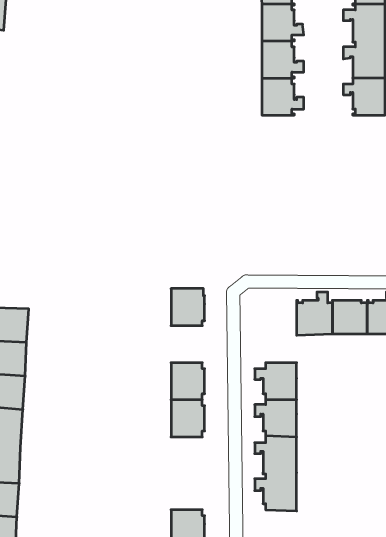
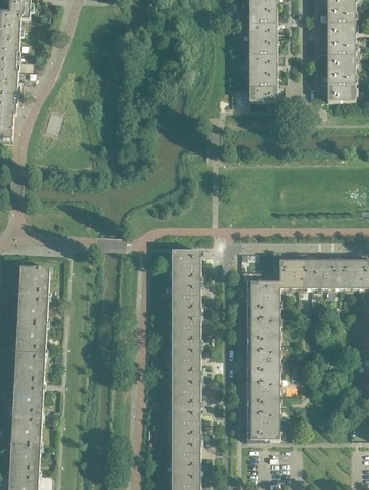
building: none -> [242,270,278,312]
building: none -> [171,280,199,312]
building: none -> [171,375,199,438]

